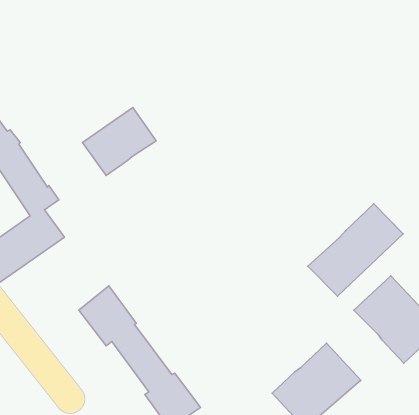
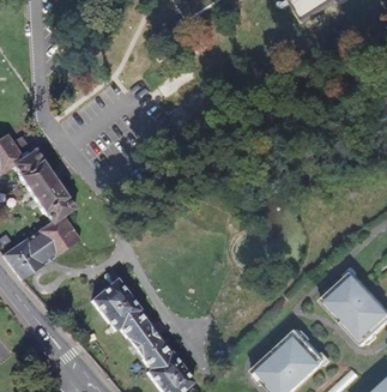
building: [82,108,156,176] -> none
building: [308,204,403,296] -> none

